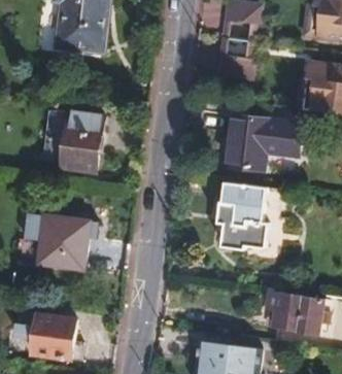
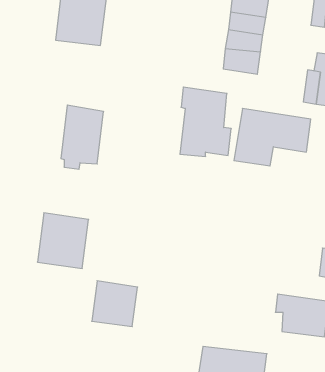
building: [220,182,270,249] -> [180,87,231,156]
building: [30,314,74,359] -> [92,281,138,327]

